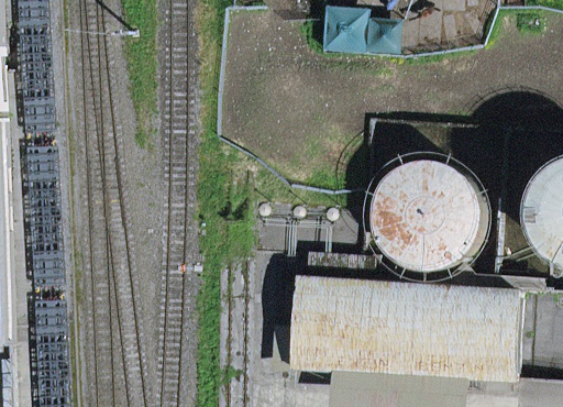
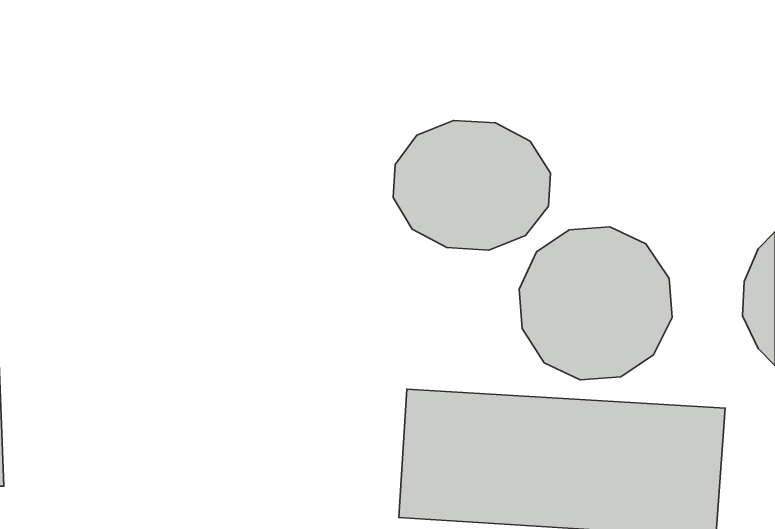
building: none -> [393,120,551,250]

